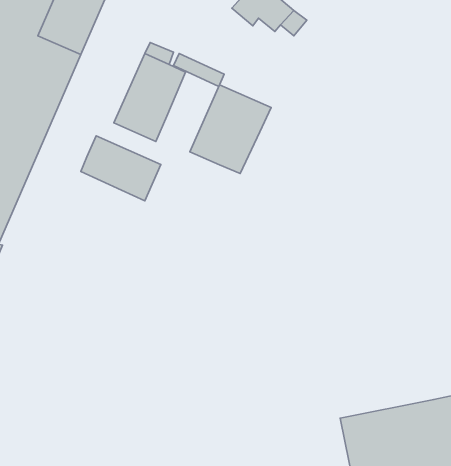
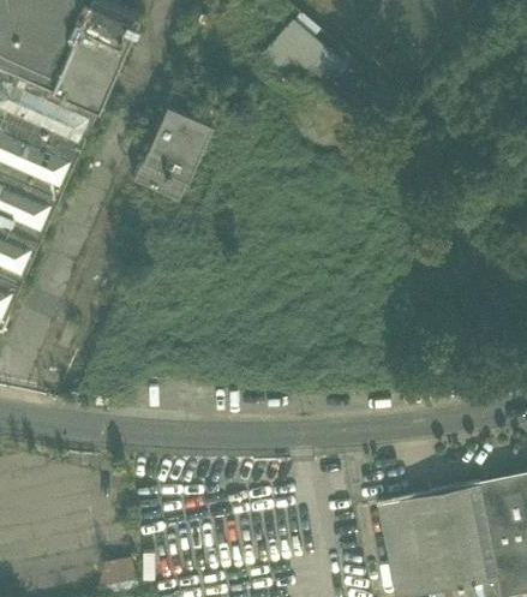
building: [190,85,271,174] -> none
building: [81,136,161,201] -> none

